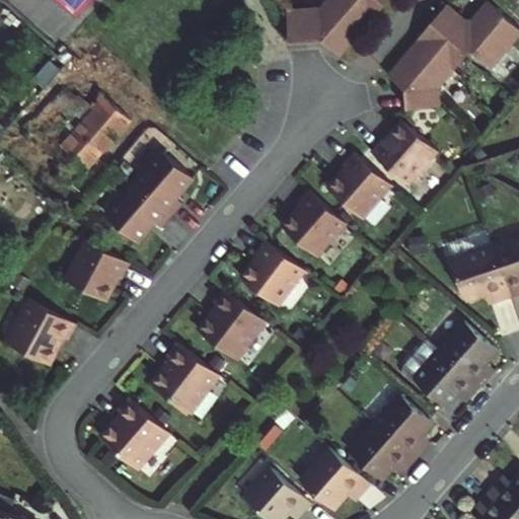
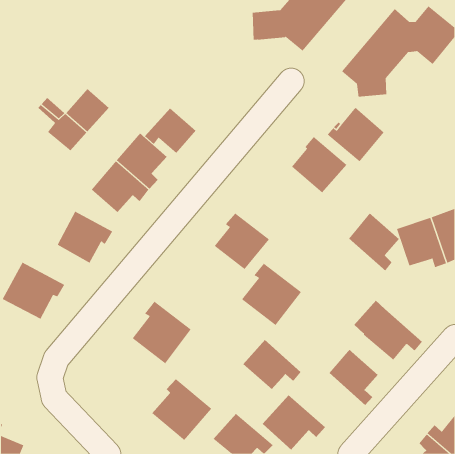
building: none -> [144,107,197,154]
building: [285,194,348,258] -> none
building: [199,288,268,360] -> [241,263,302,326]
building: [439,322,498,389] -> [348,213,400,271]
building: [99,397,168,468] -> [152,378,212,441]
building: [349,425,416,483] -> [243,339,301,390]

